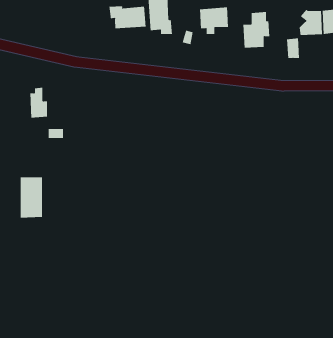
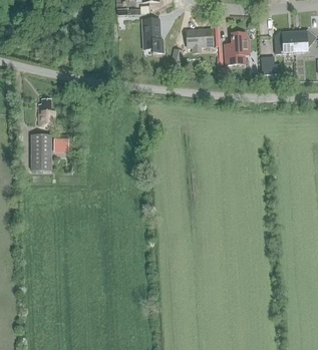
building: [109,6,146,29] -> none
building: [20,177,43,218] -> [29,134,49,170]

